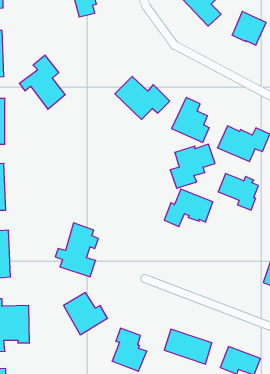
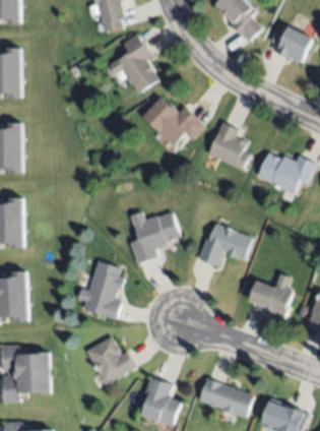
building: [19,55,65,109] -> [108,35,158,95]
building: [170,144,215,188] -> [129,213,179,262]
building: [218,174,258,210] -> [248,279,293,319]

